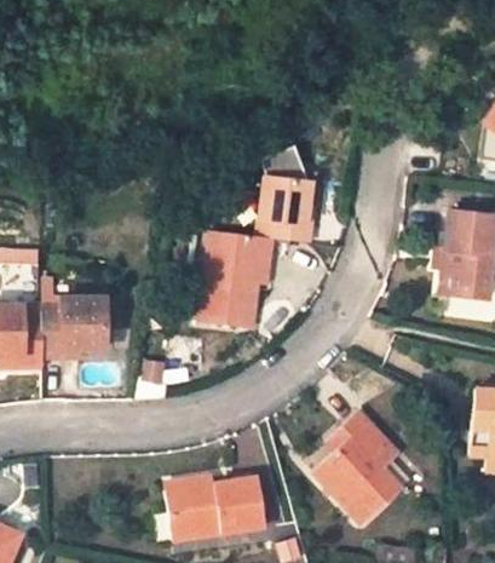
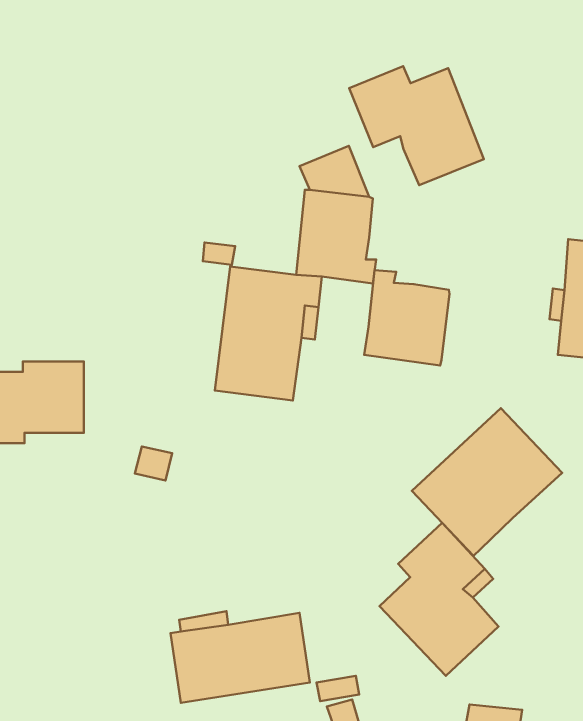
building: none -> [349,66,484,185]
building: none -> [364,270,449,365]
building: none -> [412,408,562,556]

